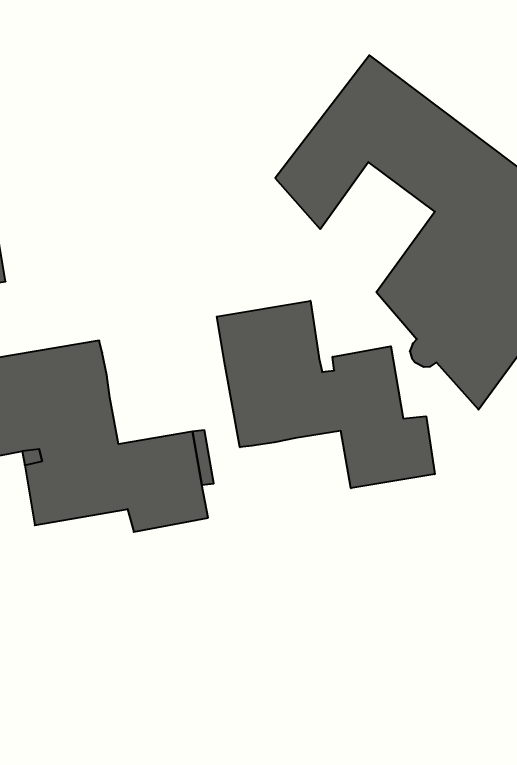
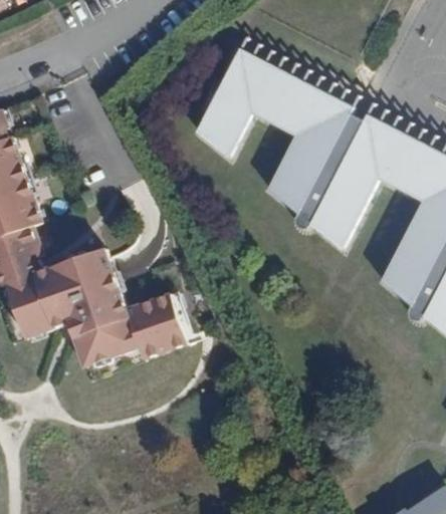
building: [217,301,435,488] -> none

